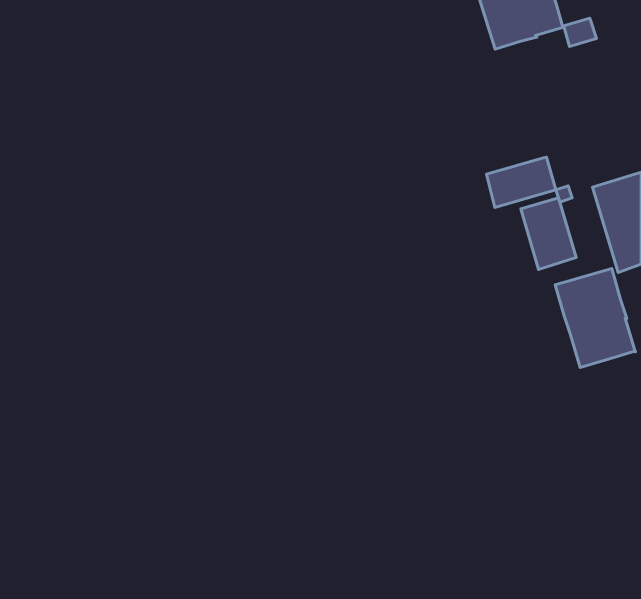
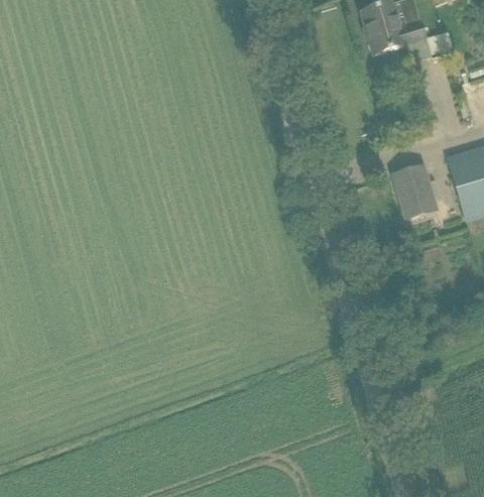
building: [486,157,556,208] -> none
building: [555,269,636,368] -> none

